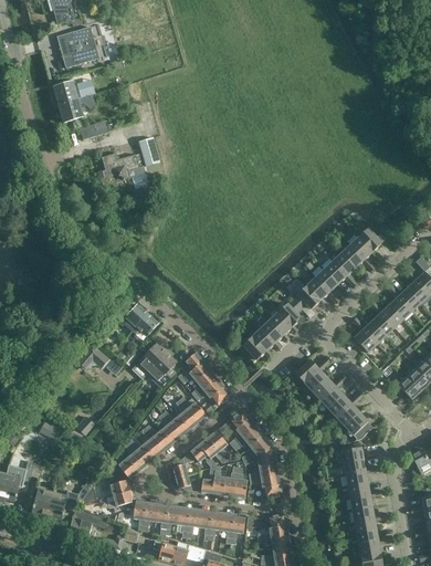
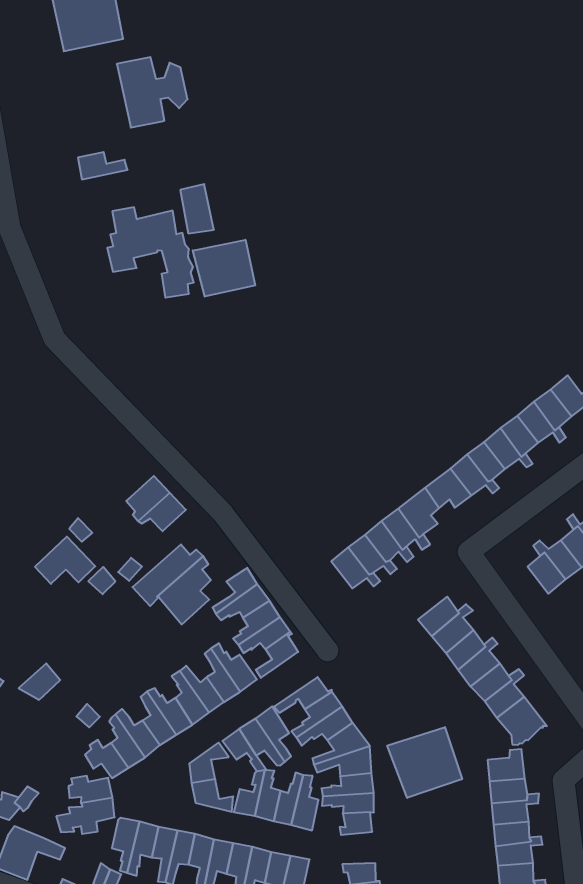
building: [52,81,94,122] -> [117,57,188,128]
building: none -> [193,240,255,297]
building: none -> [387,727,462,798]

